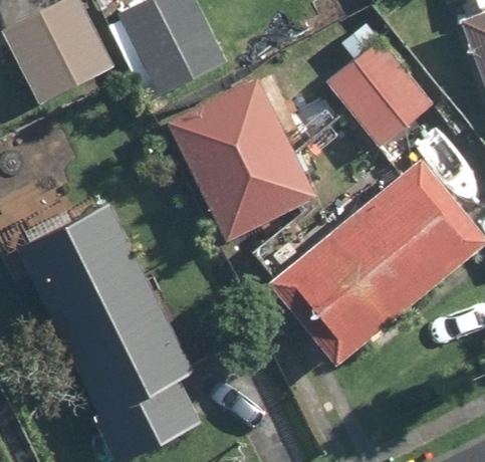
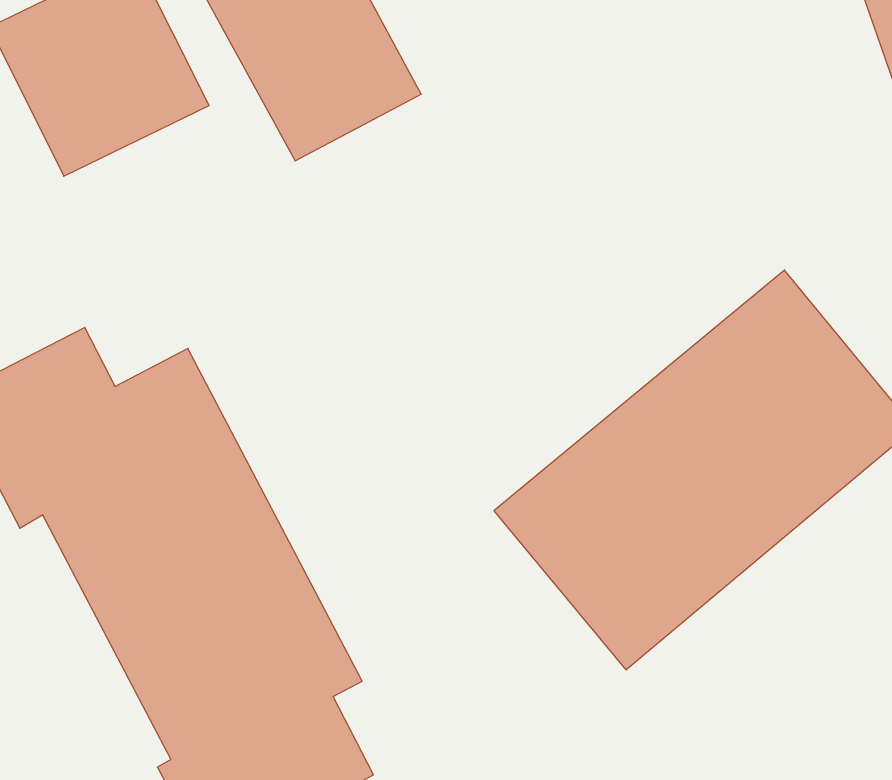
building: [322,24,436,154] -> none
building: [167,74,317,240] -> none

